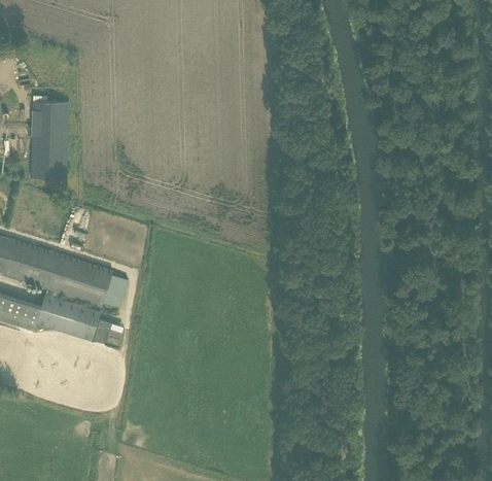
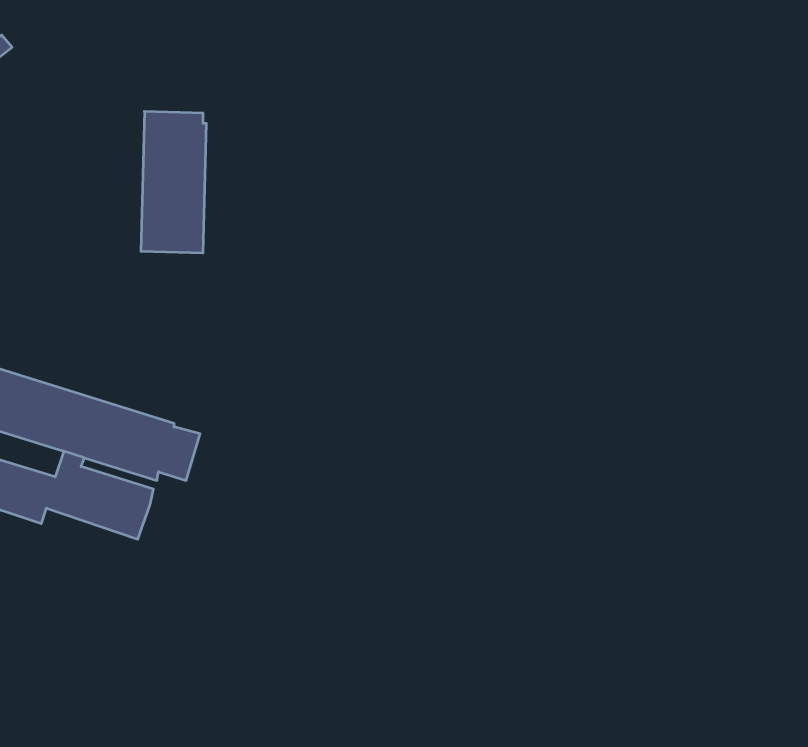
building: [30,94,69,178] -> [141,111,206,253]
building: [94,319,121,345] -> none

